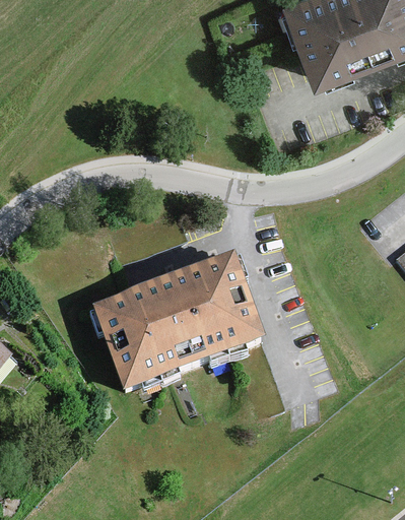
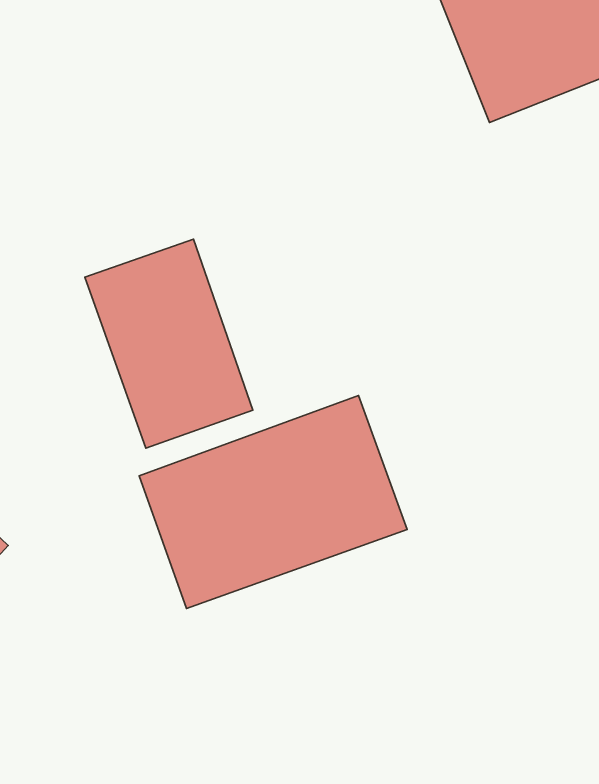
building: none -> [85,239,253,448]

